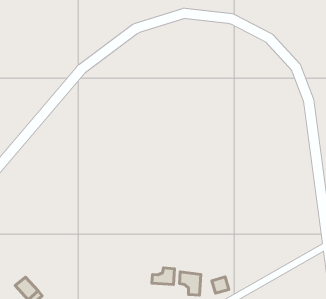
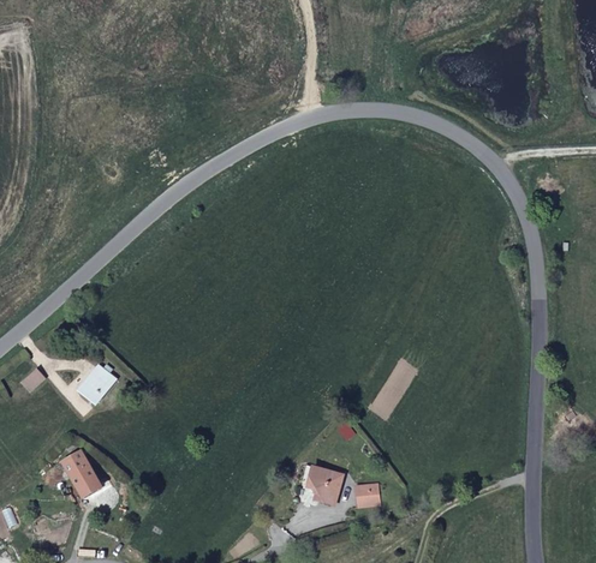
building: none -> [78,366,115,403]
building: [152,268,175,284] -> none

